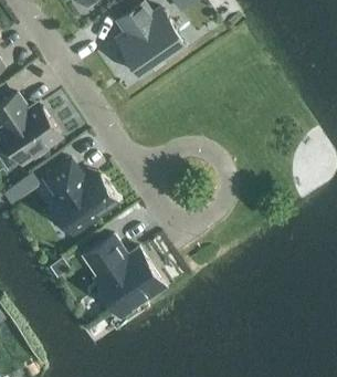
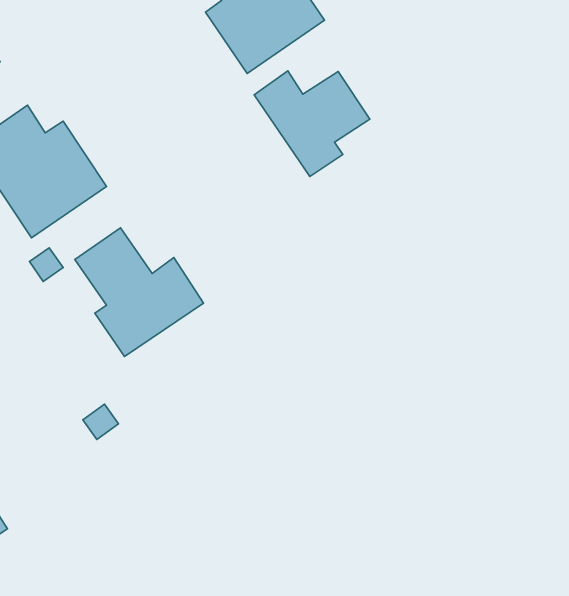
building: none -> [254,71,370,177]
building: [84,237,164,316] -> none

